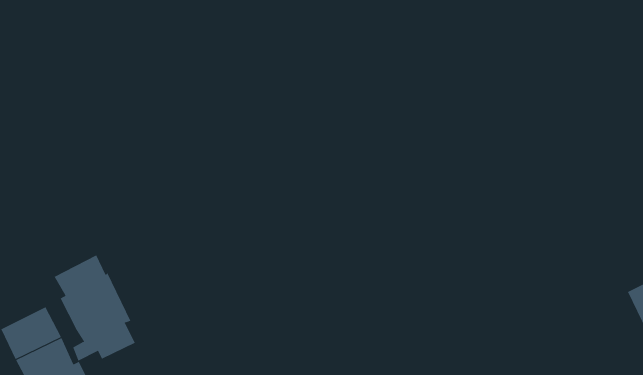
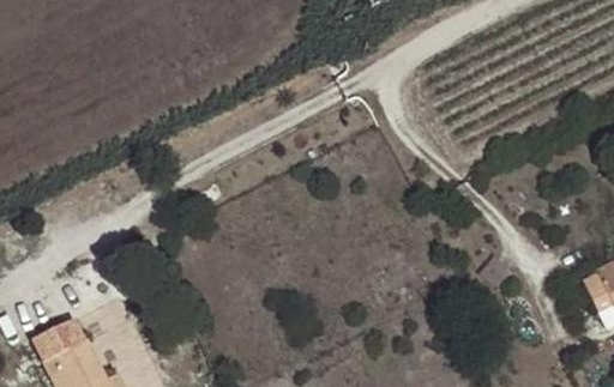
building: [54,255,136,362] -> none

